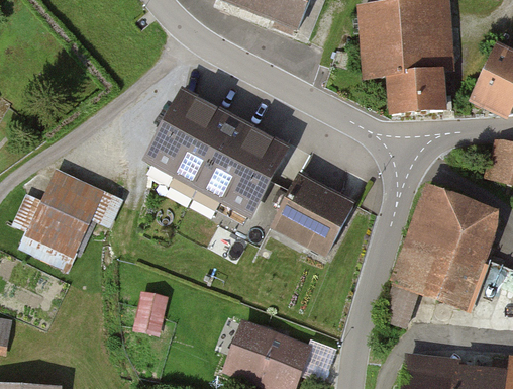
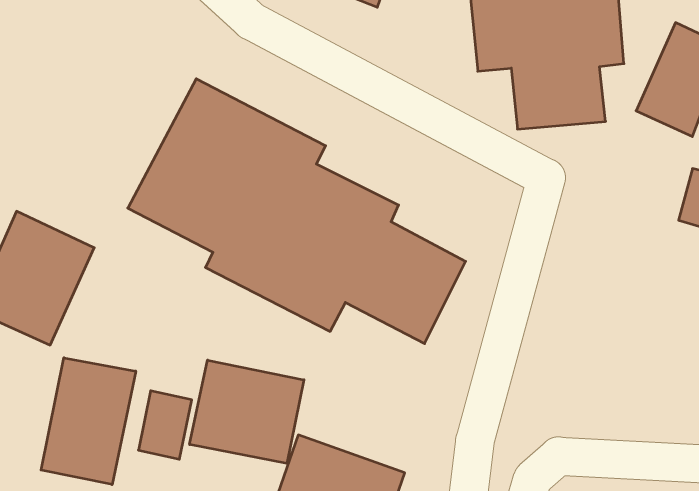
building: [386,190,499,323] -> none
building: none -> [41,358,136,485]
building: none -> [190,360,304,463]

